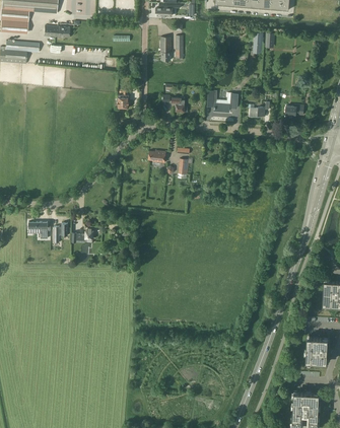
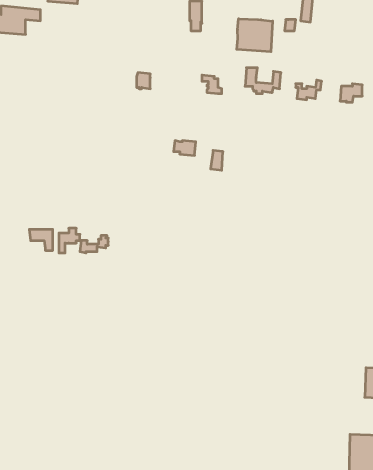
building: none -> [237,19,273,52]

